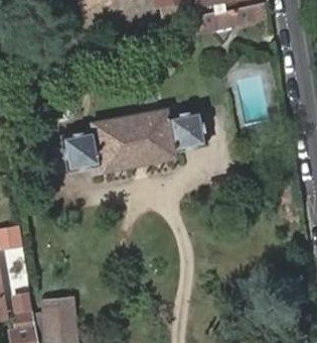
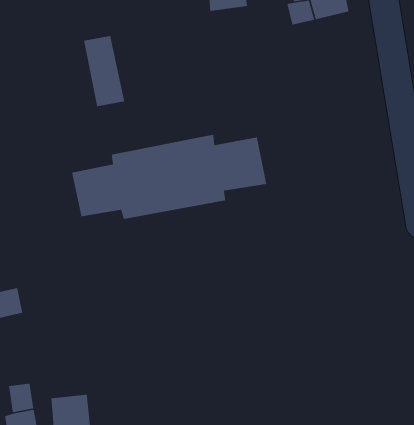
building: none -> [83,35,125,107]

